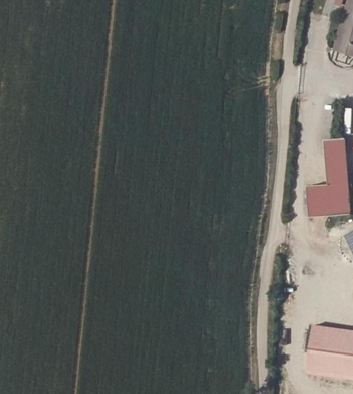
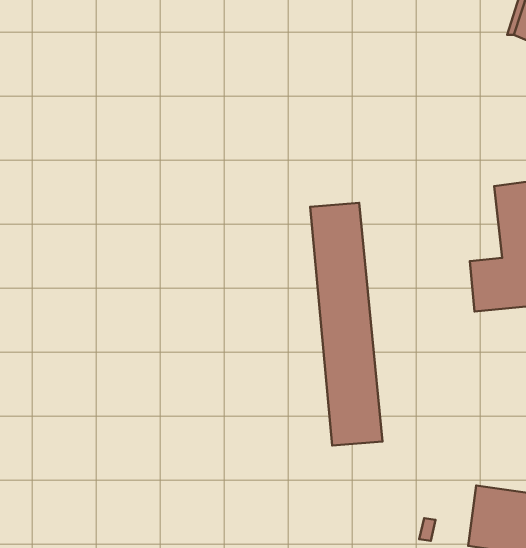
building: none -> [310,203,382,445]

